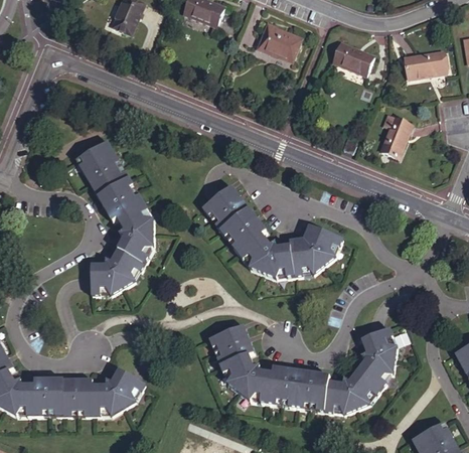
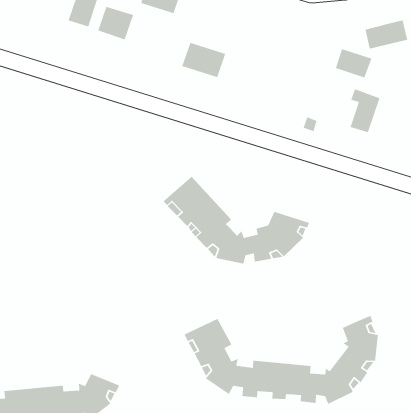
building: none -> [97,6,134,40]
building: [265,25,309,62] -> [181,42,226,78]
building: [340,46,377,78] -> [335,48,373,79]
building: [75,140,153,295] -> none

